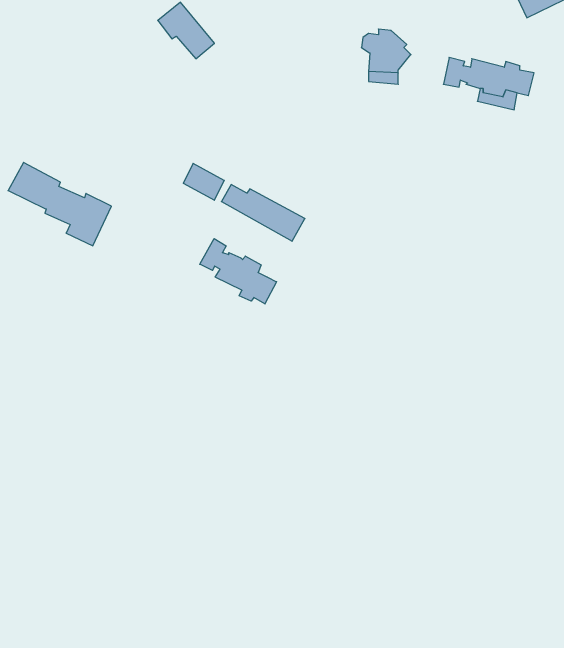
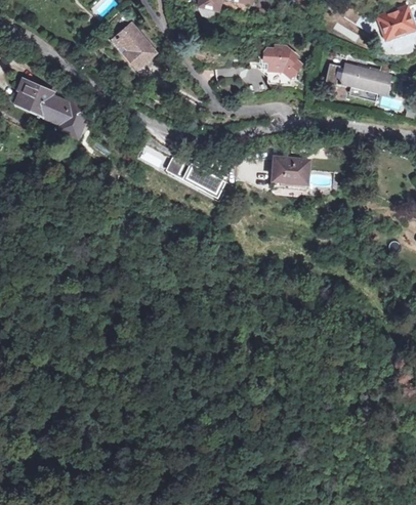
building: [8,162,111,246] -> [17,77,92,137]
building: none -> [272,154,308,184]
building: [200,239,277,304] -> none

